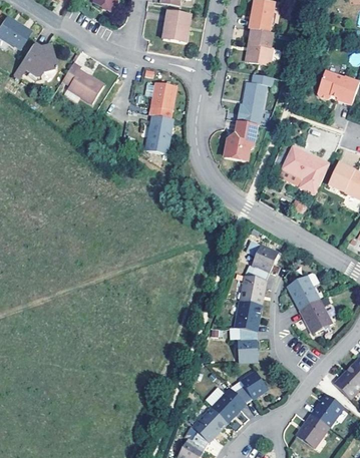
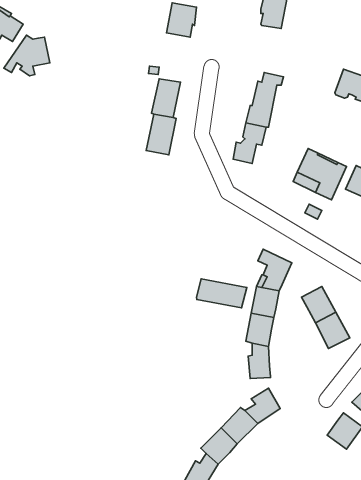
building: [247,30,272,66] -> none
building: [60,59,101,100] -> none
building: none -> [197,279,247,308]
building: [297,414,330,447] -> none

